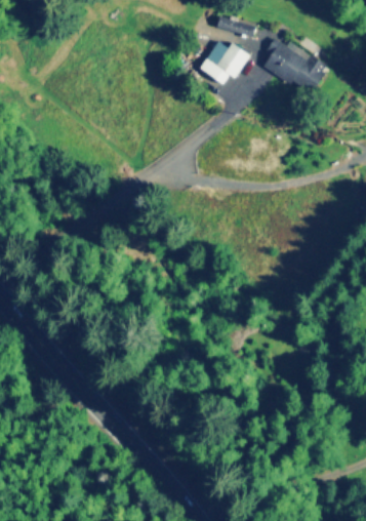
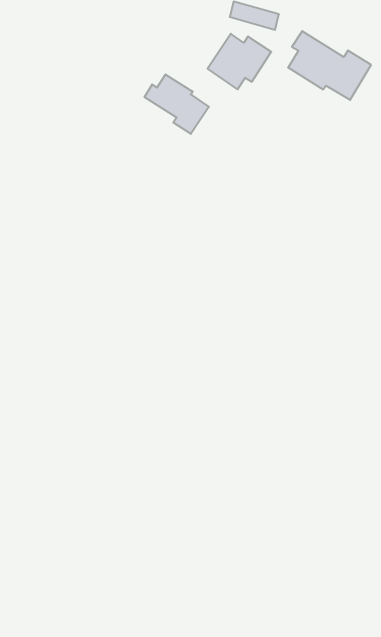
building: none -> [145,74,209,134]

